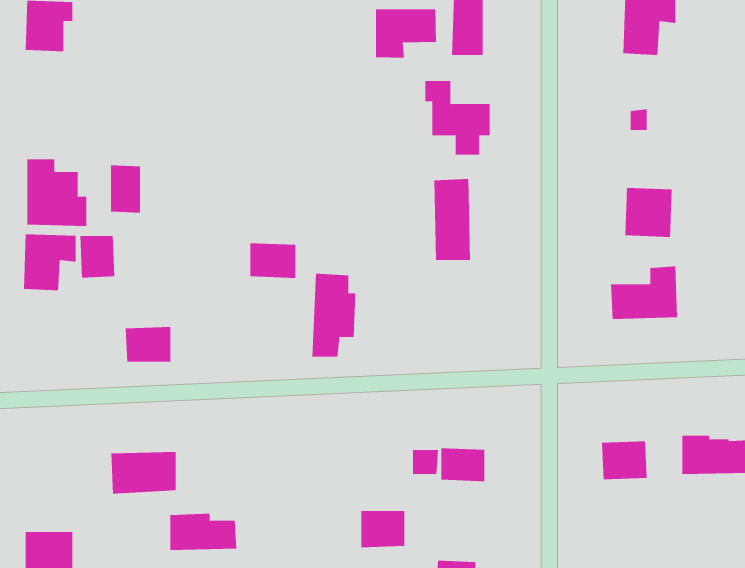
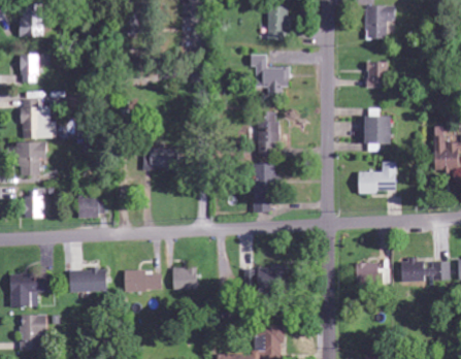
building: [375,8,437,59] -> none
building: none -> [21,55,38,83]
building: [111,165,140,214] -> none
building: [79,235,115,278] -> [24,194,44,219]
building: [312,273,356,357] -> [254,163,279,211]
building: none -> [12,275,48,306]
building: [361,511,405,548] -> [171,267,197,289]
building: [169,513,237,551] -> [124,269,163,291]

